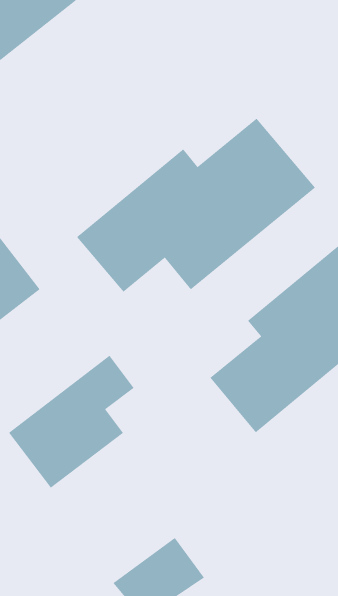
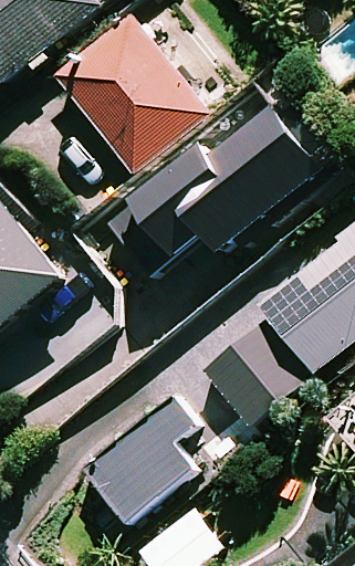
building: none -> [58,19,208,172]
building: [8,355,134,488] -> [84,396,202,521]

